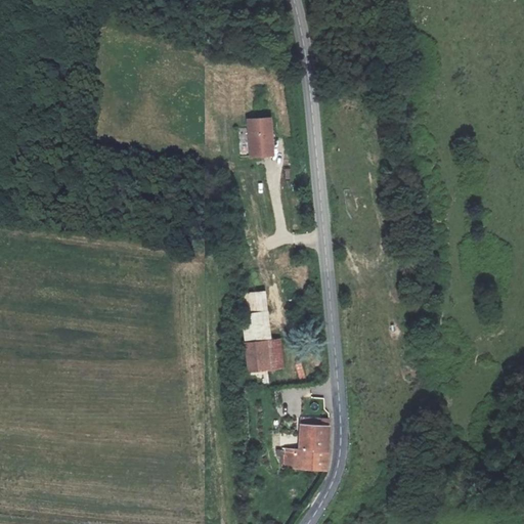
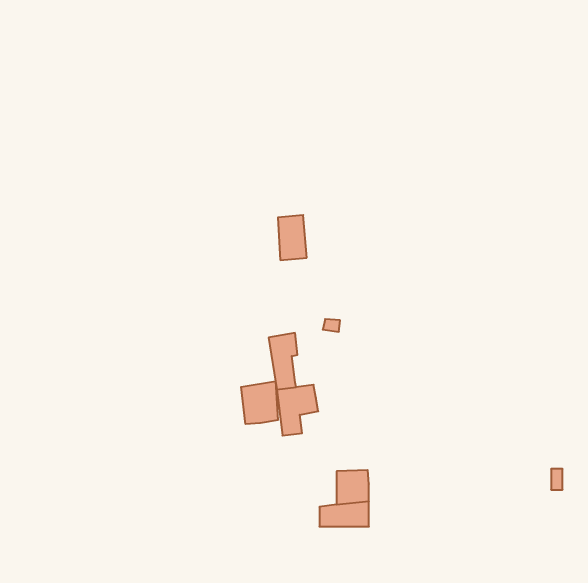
building: [250,117,275,157] -> [278,215,307,260]
building: none -> [241,381,278,424]

